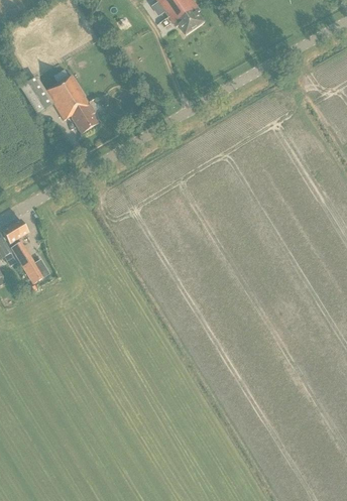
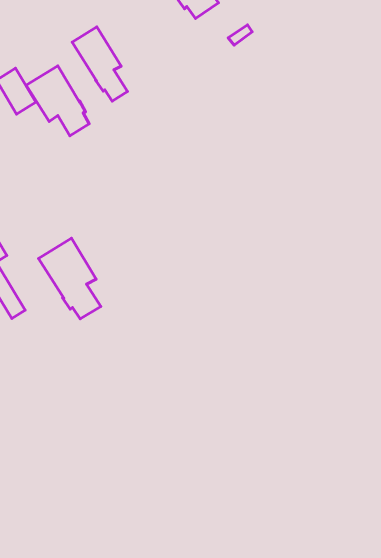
building: none -> [72,27,128,101]
building: none -> [39,238,101,319]

